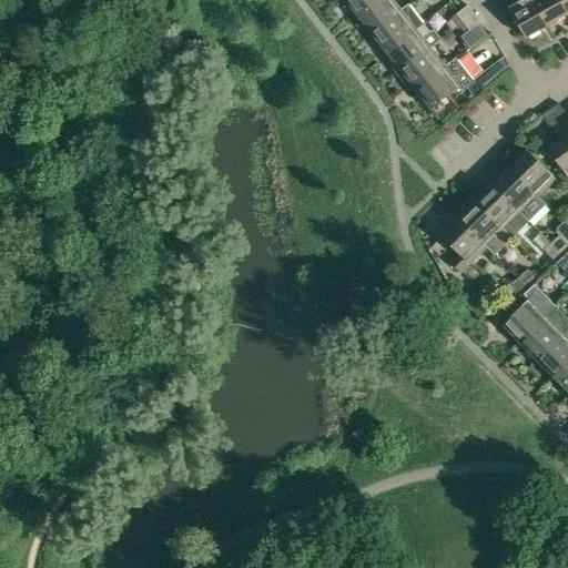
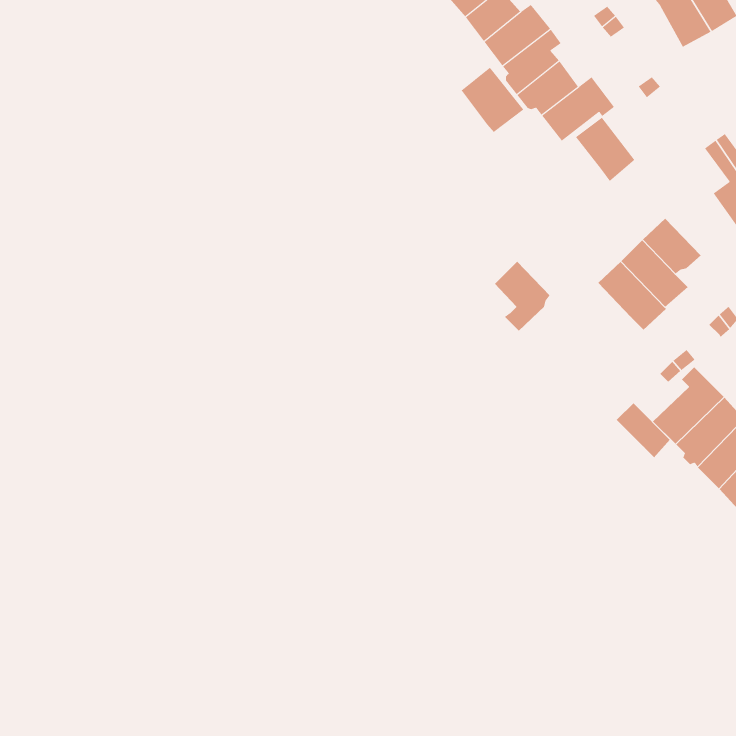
building: none -> [461,67,524,133]
building: none -> [575,117,635,182]
building: [513,151,558,196] -> none
building: [443,217,486,272] -> [494,261,550,331]
building: none -> [616,403,671,458]

